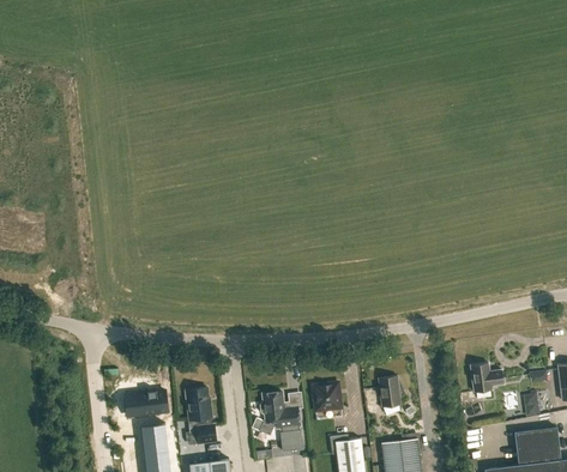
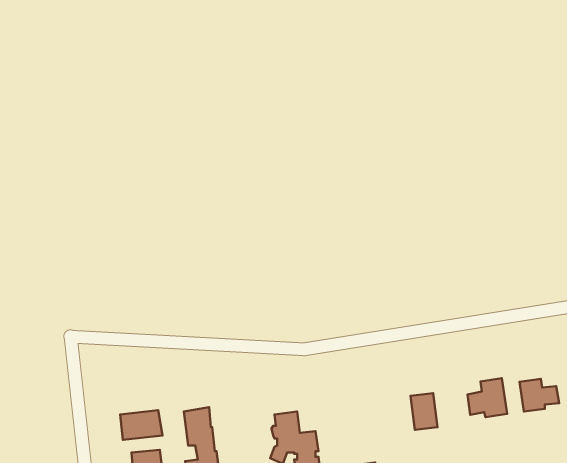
building: none -> [468,378,507,417]
building: [312,383,340,412] -> none

